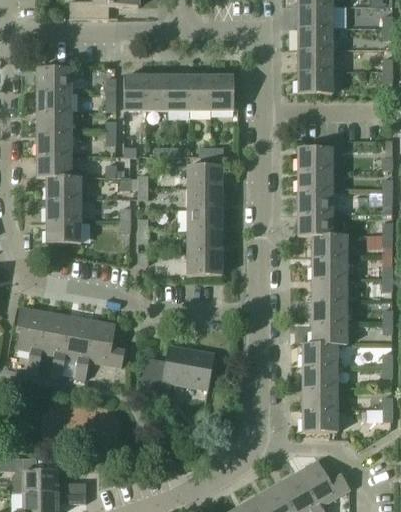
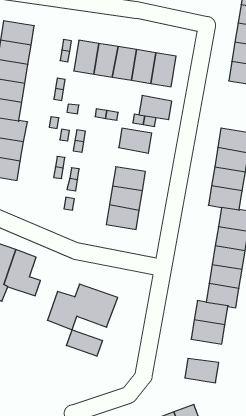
building: [188,187,222,209] -> [139,96,172,120]
building: [303,387,338,409] -> none
building: none -> [66,330,102,356]

